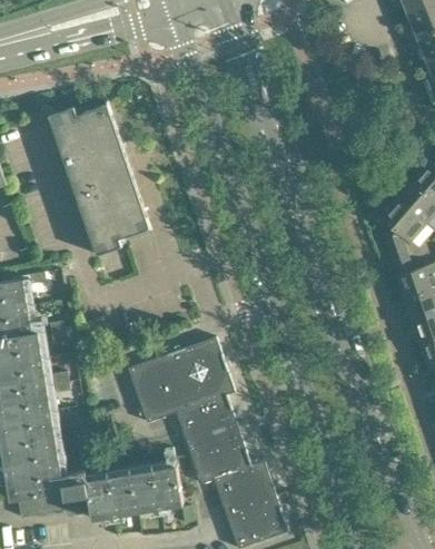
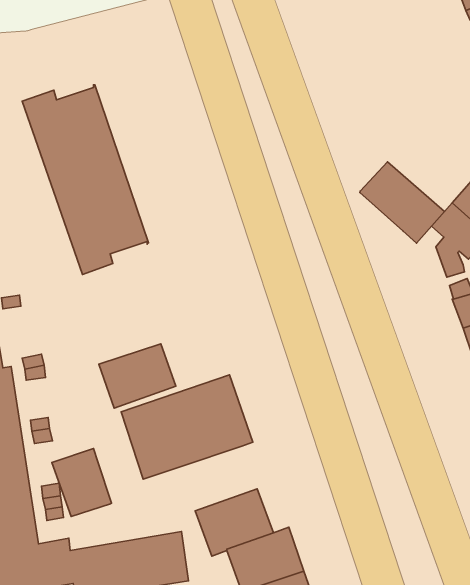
building: none -> [360,162,445,243]
building: [177,395,239,448] -> [99,344,176,408]
building: none -> [52,448,112,517]

